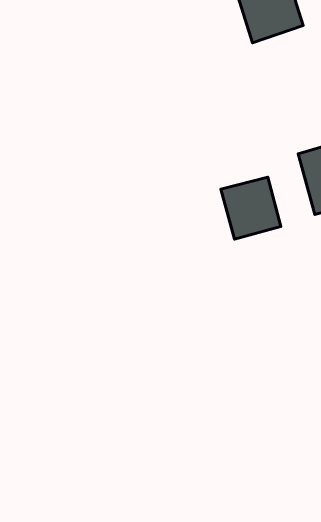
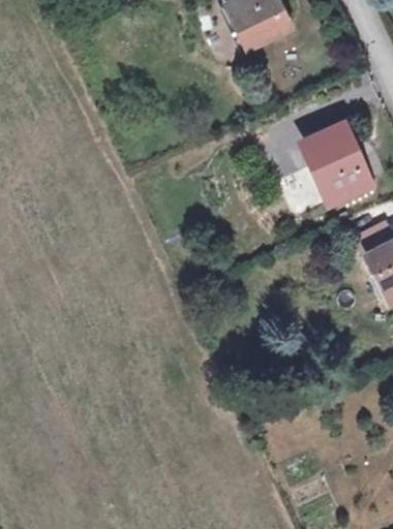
building: [221,177,281,239] -> none

